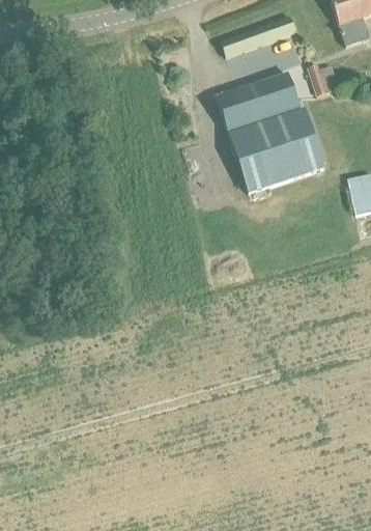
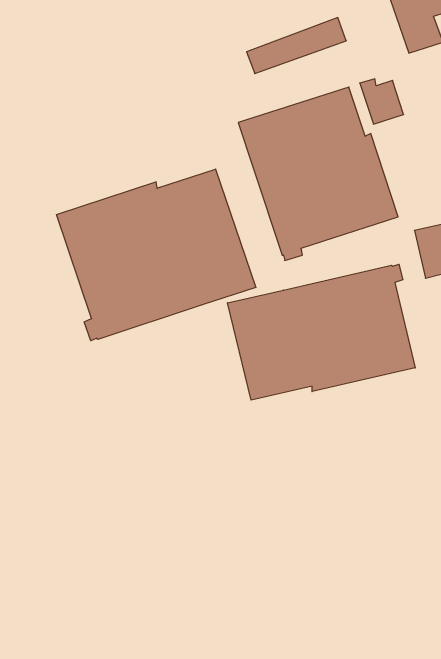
building: none -> [57,169,256,341]
building: none -> [228,264,415,400]

